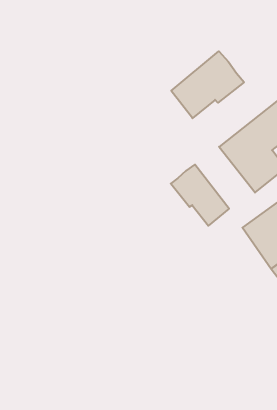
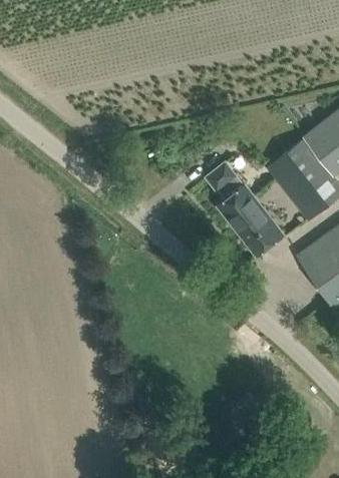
building: [171,51,244,118] -> none
building: none -> [205,162,236,200]

